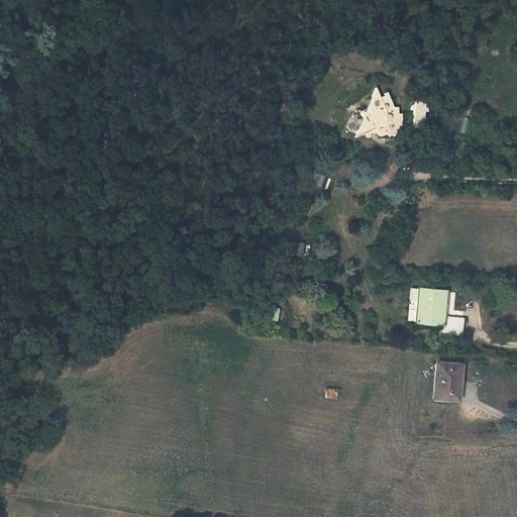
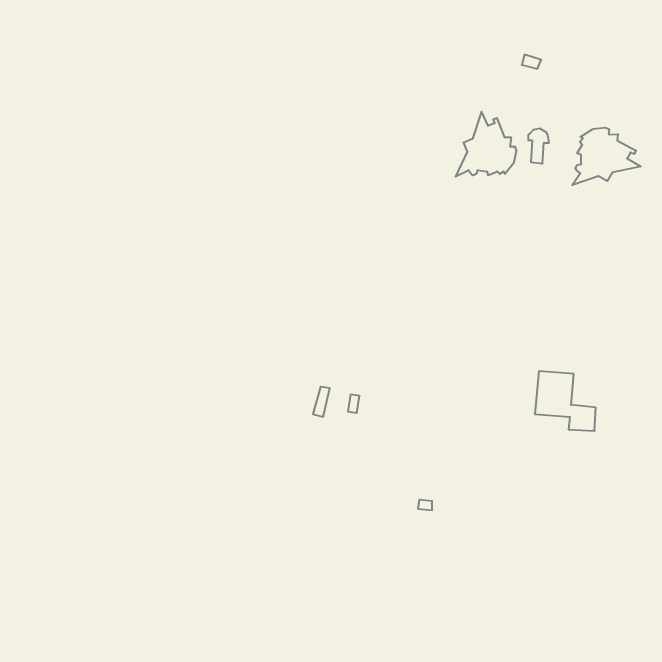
building: none -> [572,128,641,185]
building: [434,361,461,399] -> none

